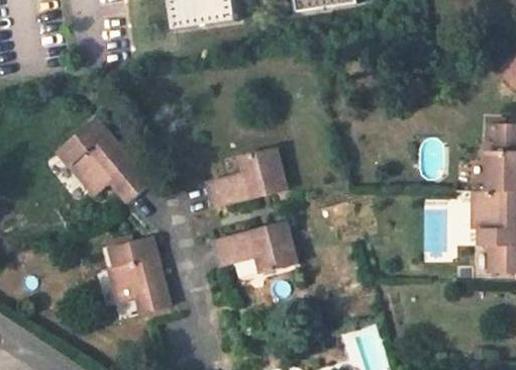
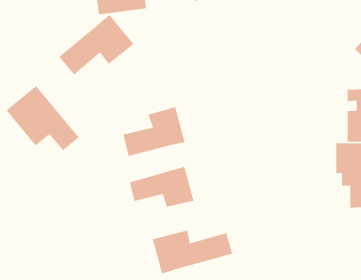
building: none -> [58,14,135,75]
building: [108,237,169,313] -> none
building: none -> [152,230,233,274]

